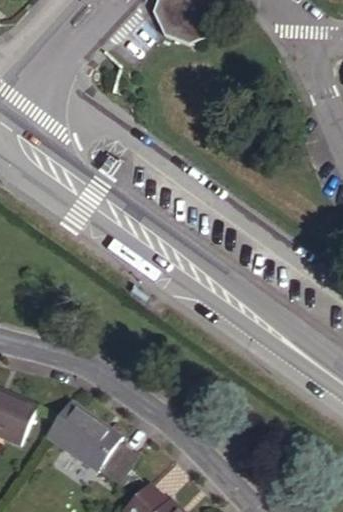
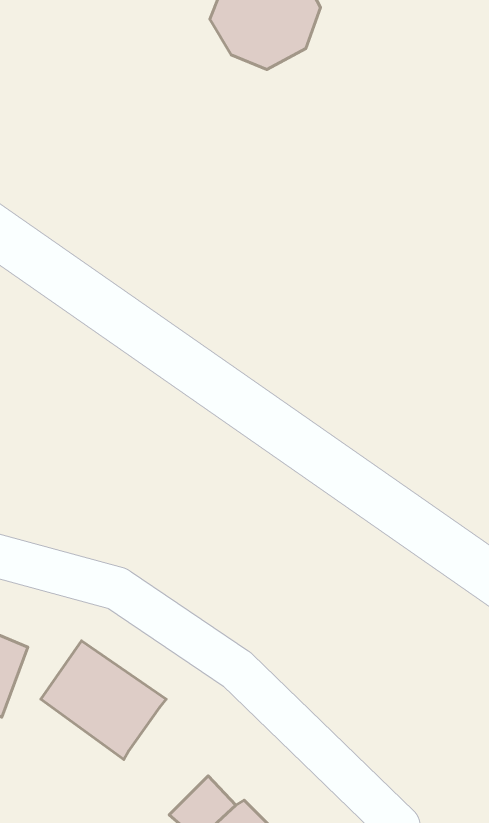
building: [92,435,131,476] -> none

